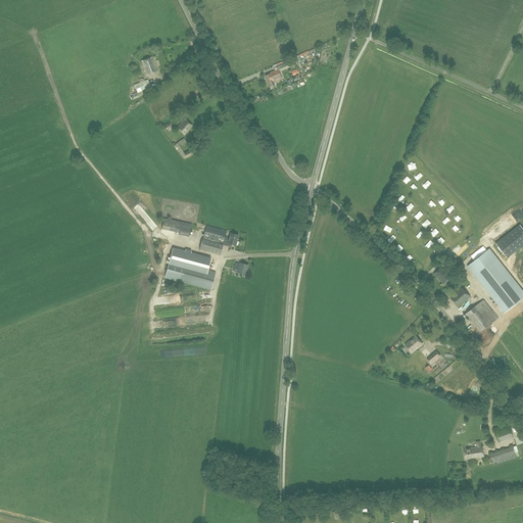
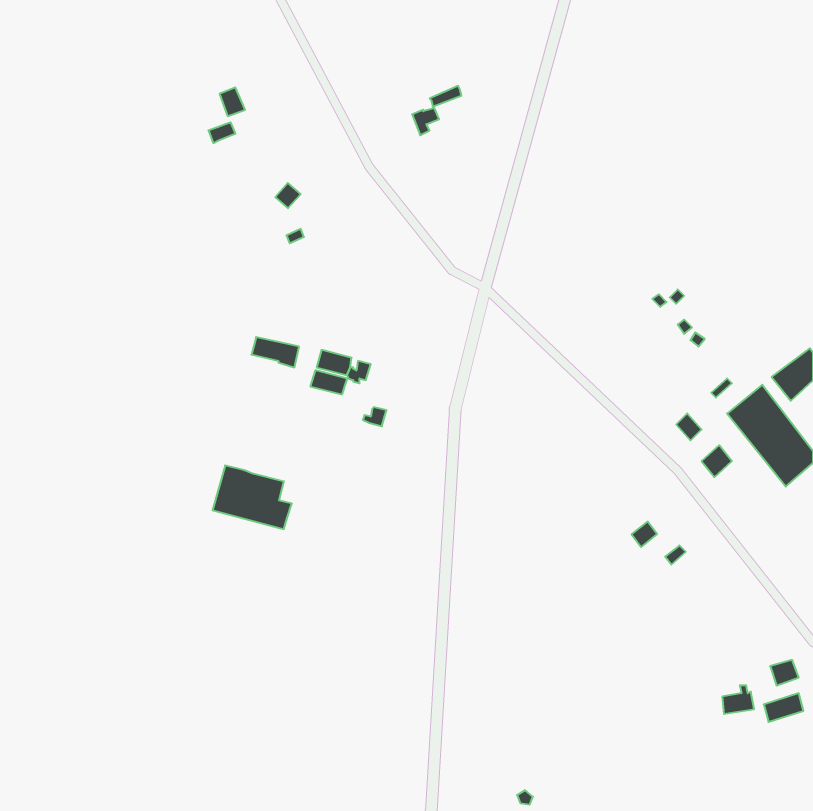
building: [164,247,216,288] -> [212,465,292,529]
building: [465,298,497,331] -> none

